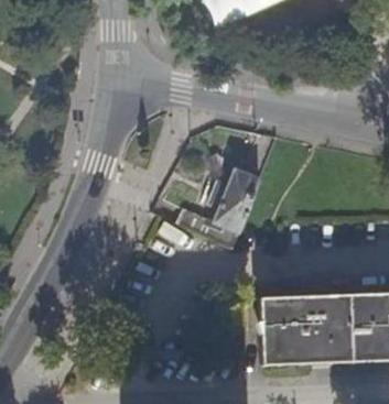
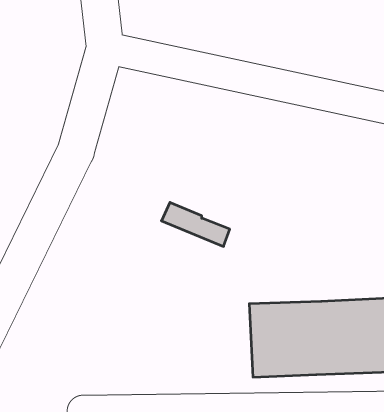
building: [208,171,260,232] -> none

